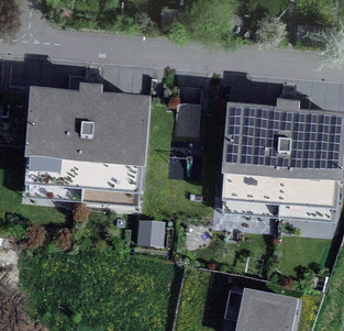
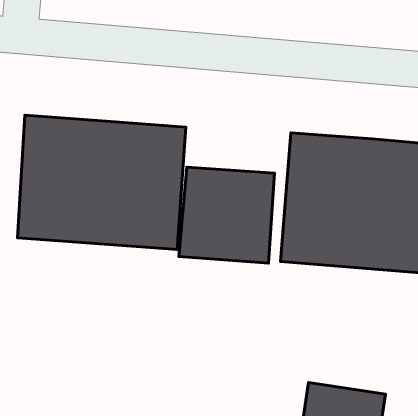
building: none -> [179,167,275,263]

